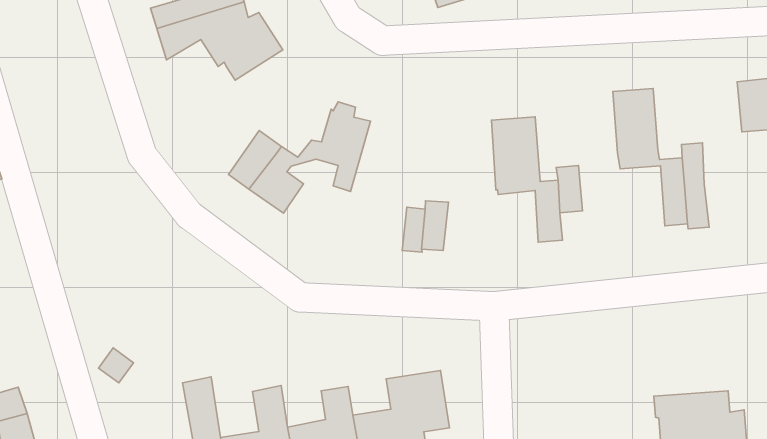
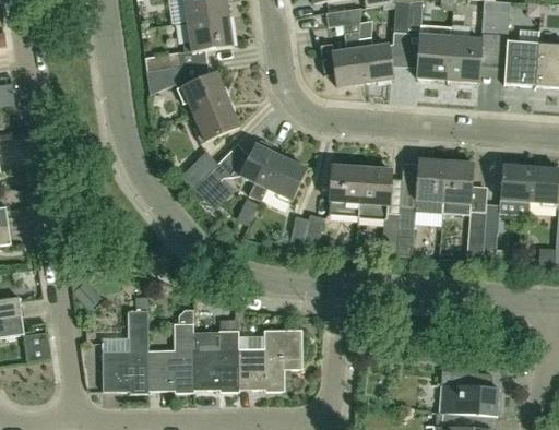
building: none -> [194,99,240,142]
building: none -> [500,166,530,216]
building: none -> [415,159,445,203]
building: none -> [329,166,361,215]
building: none -> [260,156,307,201]

